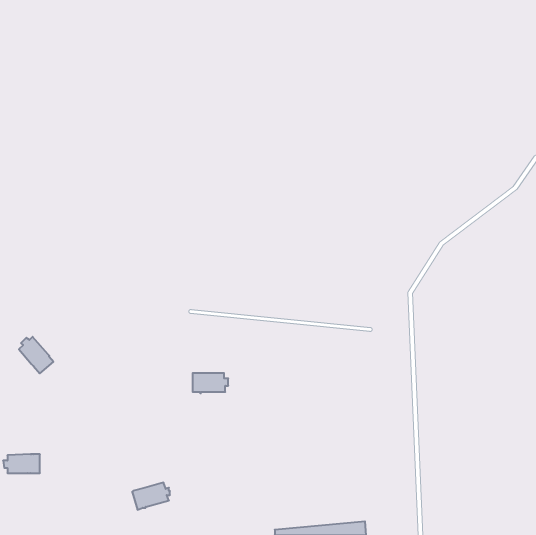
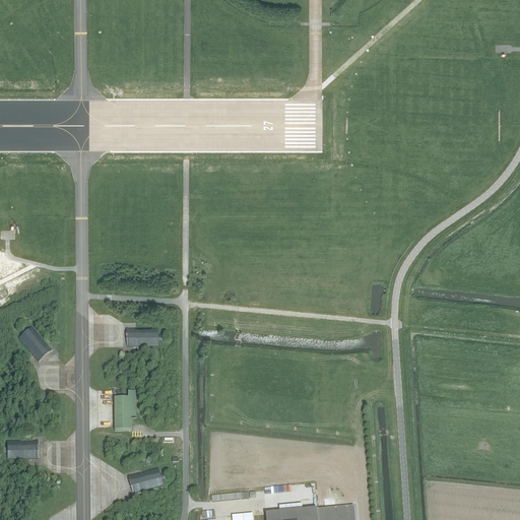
building: [193,373,228,393] -> [127,328,161,347]
building: none -> [115,392,136,431]

